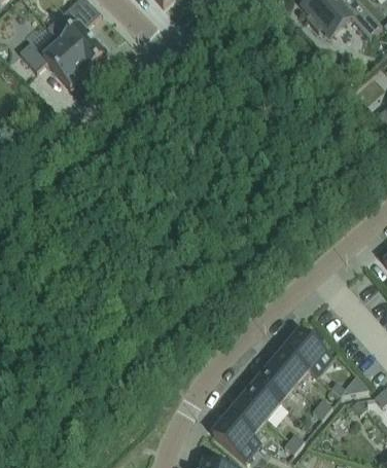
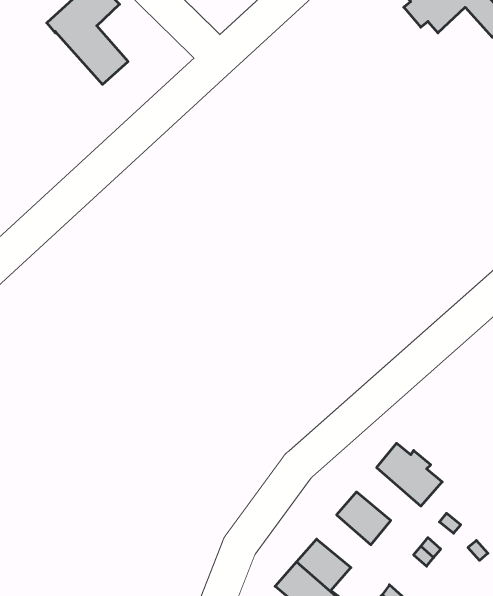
building: [19,34,87,88] -> none
building: [271,348,317,386] -> none
building: [242,382,281,420] -> none

